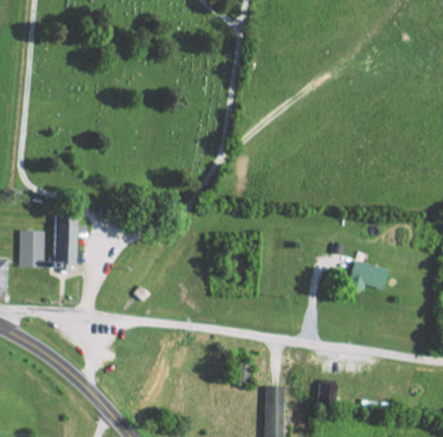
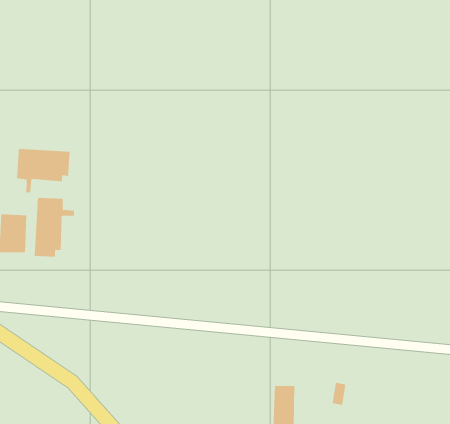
building: none -> [16,148,70,194]
building: [351,260,394,291] -> none

